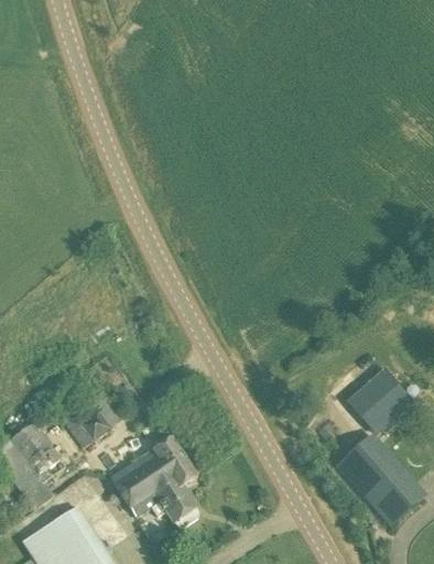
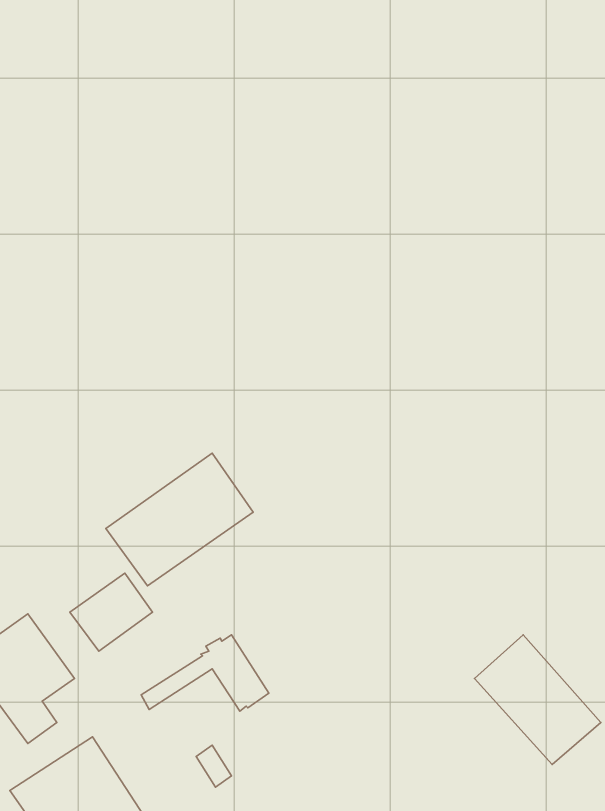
building: none -> [106,453,253,586]
building: [337,361,405,430] -> none
building: [117,459,198,528] -> none

